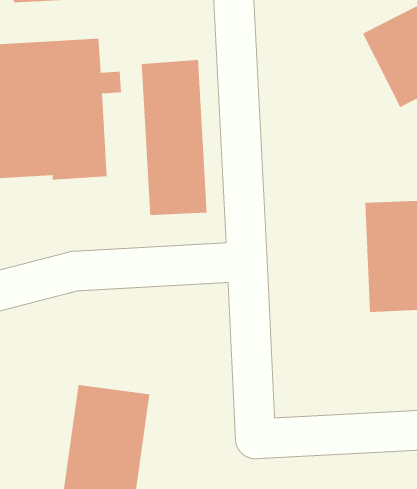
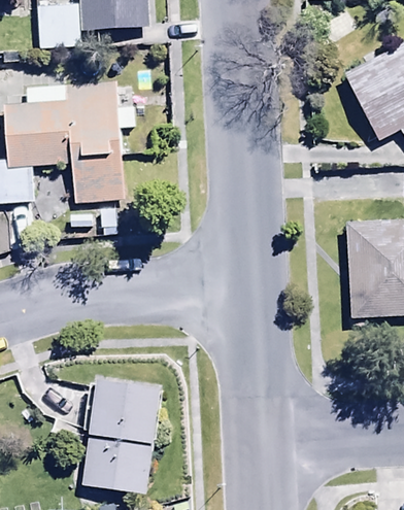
building: [141,59,207,216] -> none

